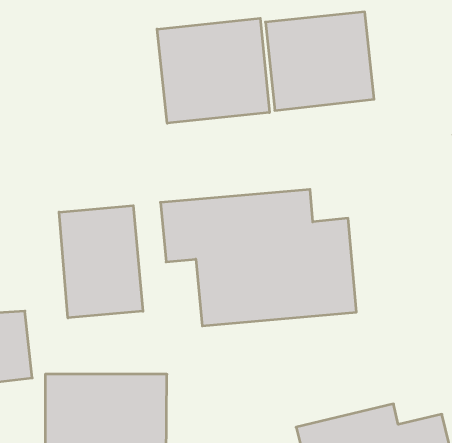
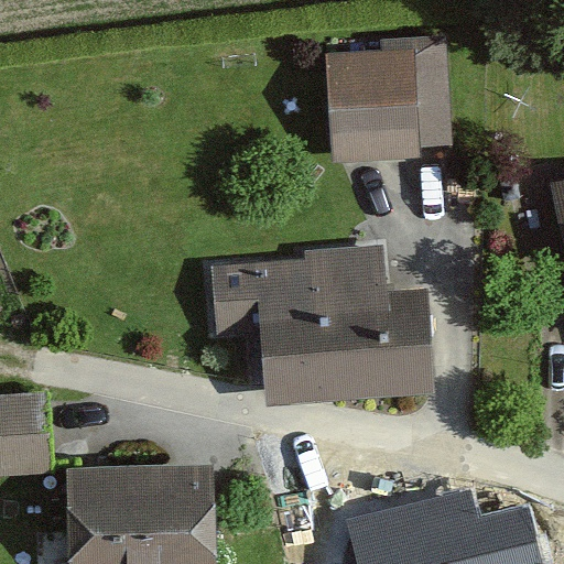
building: [157,18,269,123] -> none
building: [59,206,143,318] -> none

